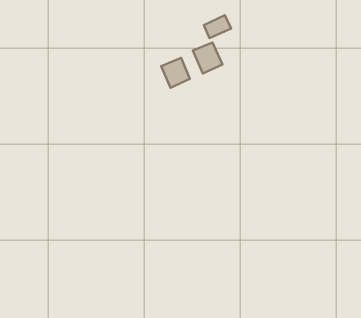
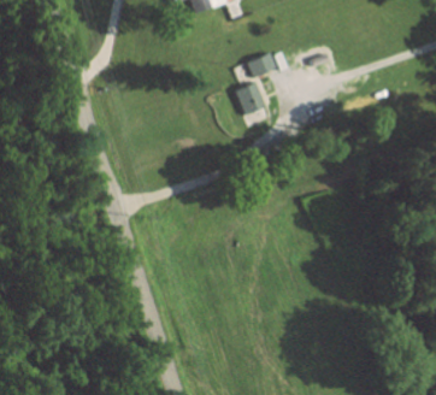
building: [161,58,190,88] -> none

